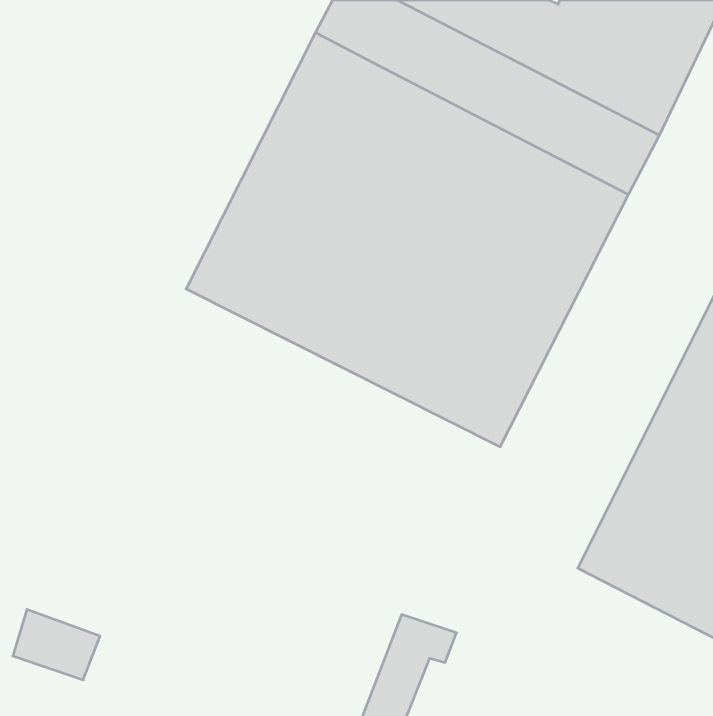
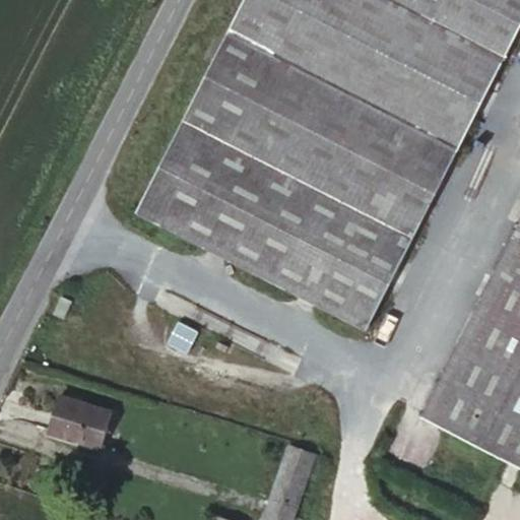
building: [13,609,100,680] -> [51,399,114,450]

